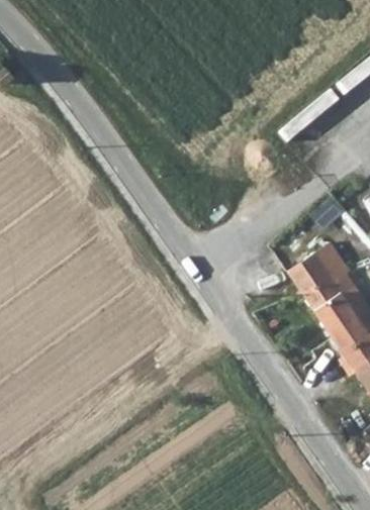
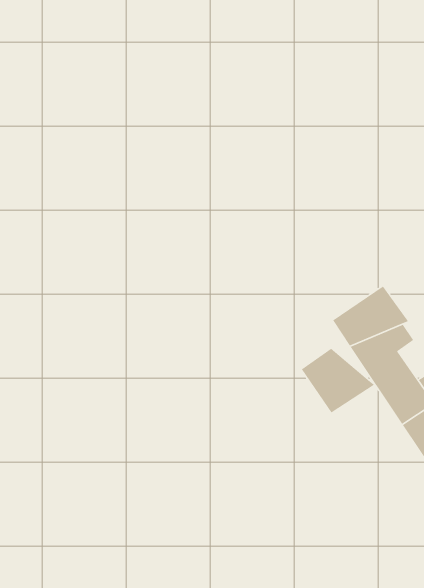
building: none -> [301,348,375,414]

